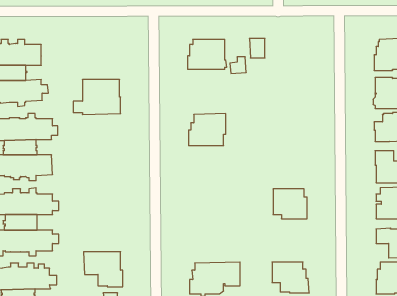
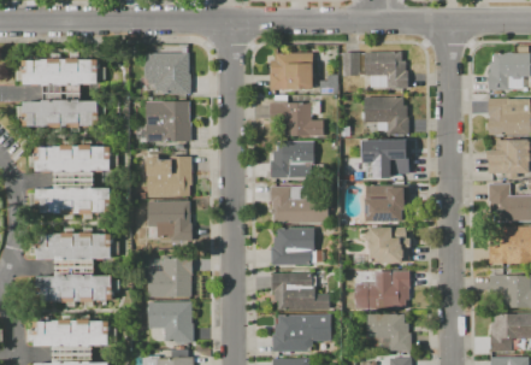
building: none -> [147,48,191,95]
building: none -> [365,53,408,89]
building: none -> [271,95,324,136]
building: none -> [365,98,409,135]
building: none -> [359,142,408,173]
building: none -> [147,157,193,196]
building: none -> [366,186,409,223]
building: none -> [271,187,329,224]
building: none -> [148,202,193,242]
building: none -> [271,229,323,265]
building: none -> [148,258,193,298]
building: none -> [367,271,411,310]
building: none -> [272,273,330,311]

